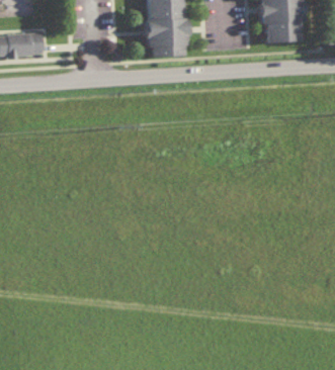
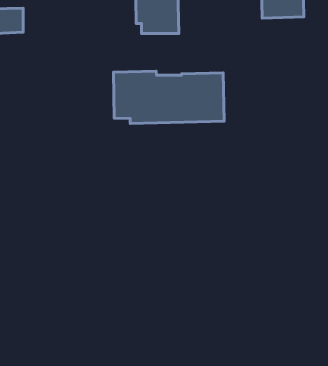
building: none -> [113,71,224,124]

